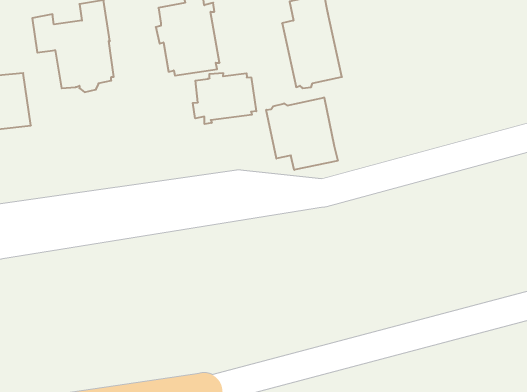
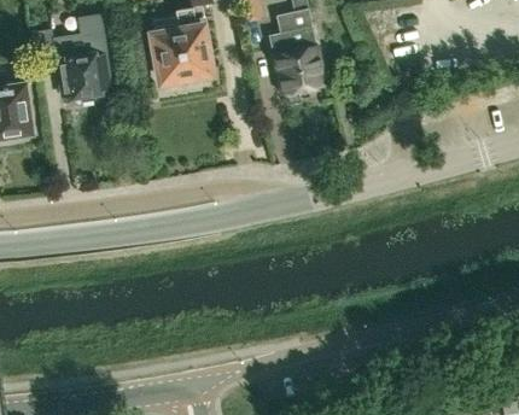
building: [193,73,256,124] -> none
building: [266,97,338,170] -> none

